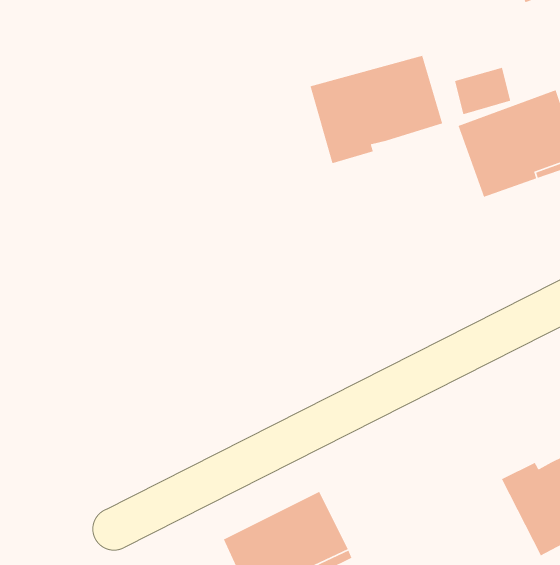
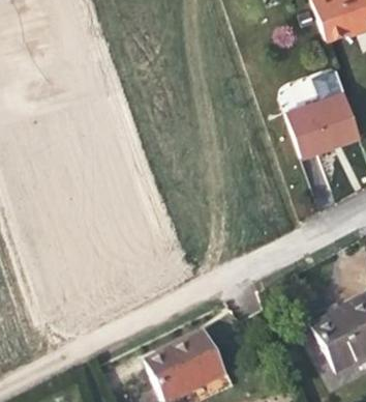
building: [309,55,443,164] -> none

